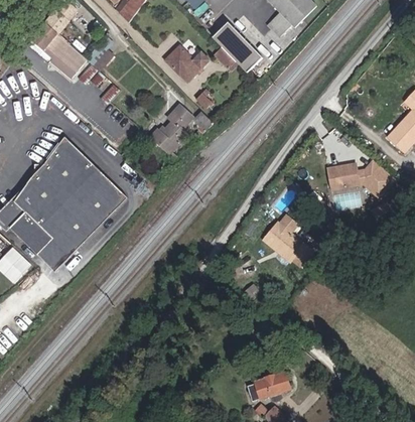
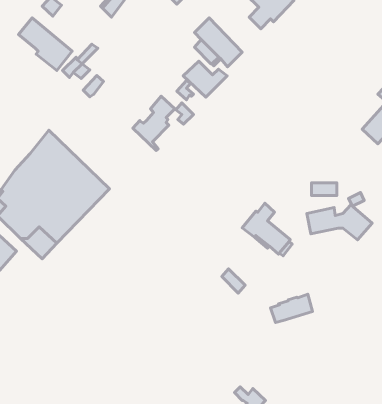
building: [163,43,209,81] -> [183,61,227,97]
building: [325,159,393,195] -> [307,205,372,240]
building: [246,371,289,400] -> [271,294,313,322]

